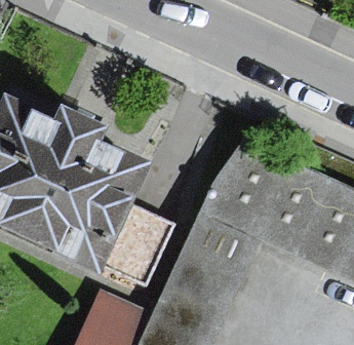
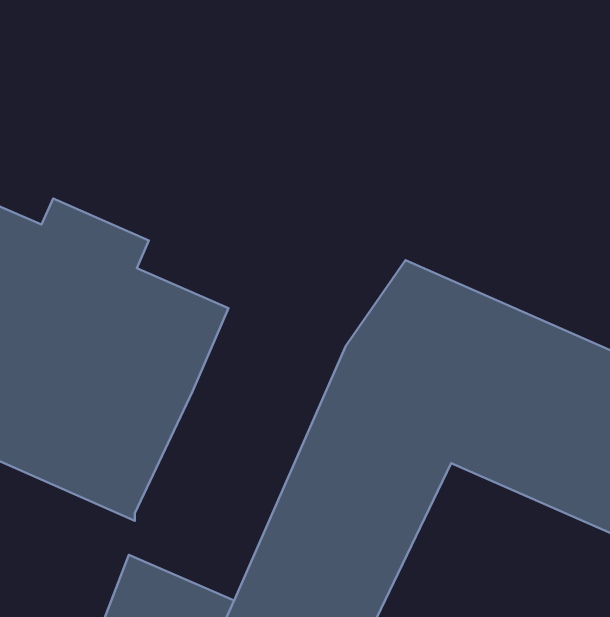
building: [102,205,173,288] -> none

